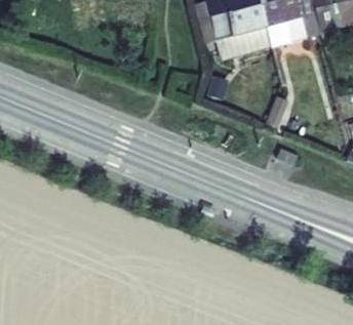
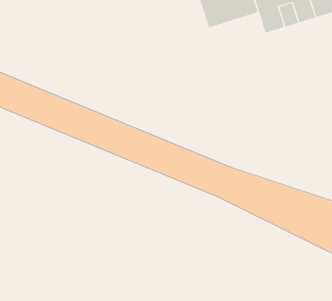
building: [219,26,273,60] -> none

